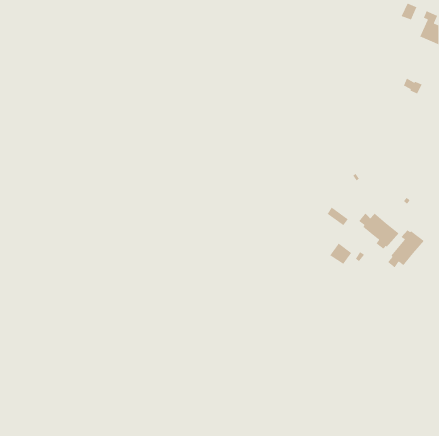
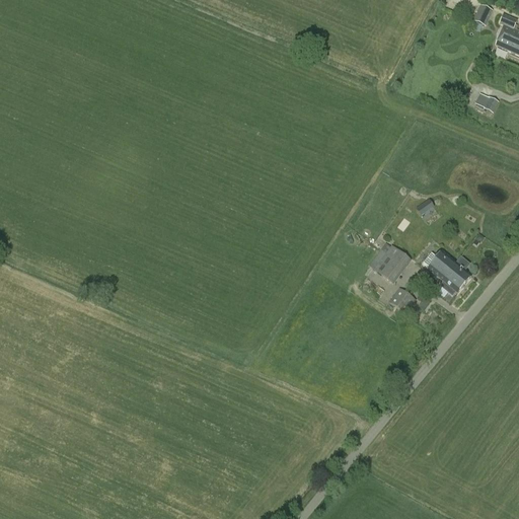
building: none -> [373,248,405,283]
building: [387,229,425,269] -> none

